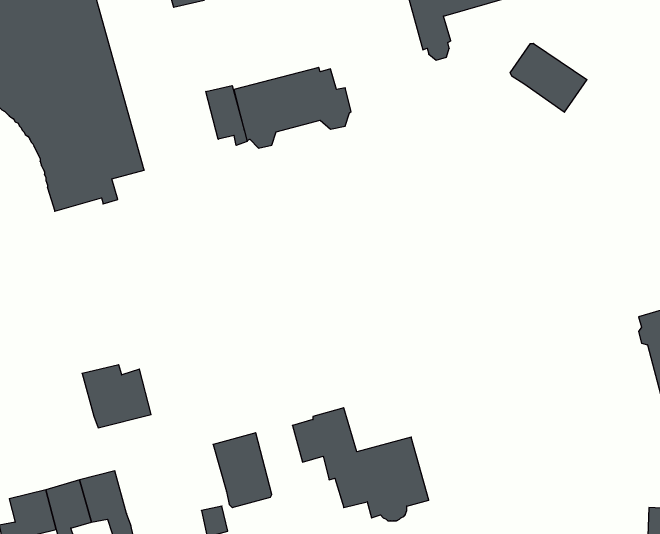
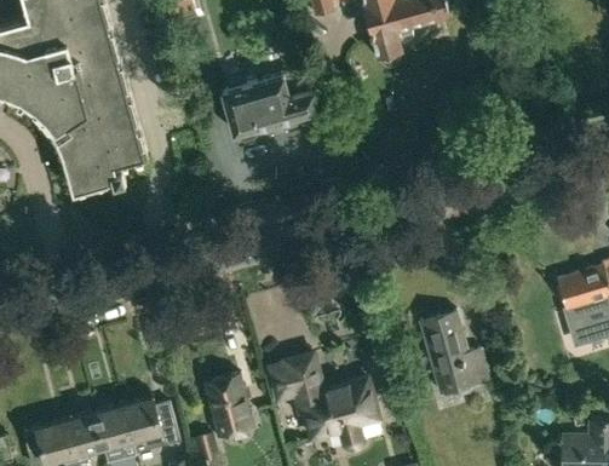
building: [510,43,587,112] -> none
building: [206,86,247,145] -> none
building: none -> [419,312,486,396]
building: [82,365,151,428] -> [122,399,179,451]

